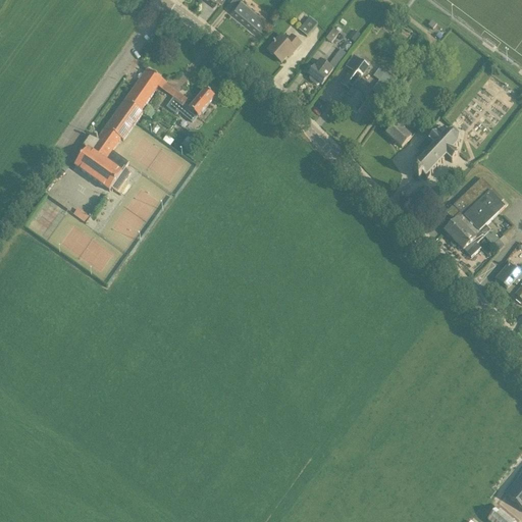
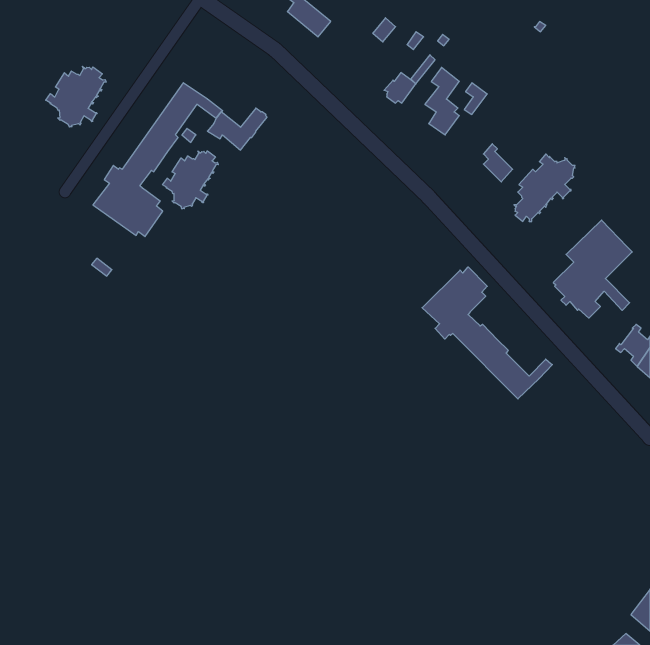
building: [268,33,301,60] -> none
building: none -> [46,66,106,127]
building: none -> [163,151,218,209]
building: none -> [422,267,552,399]

